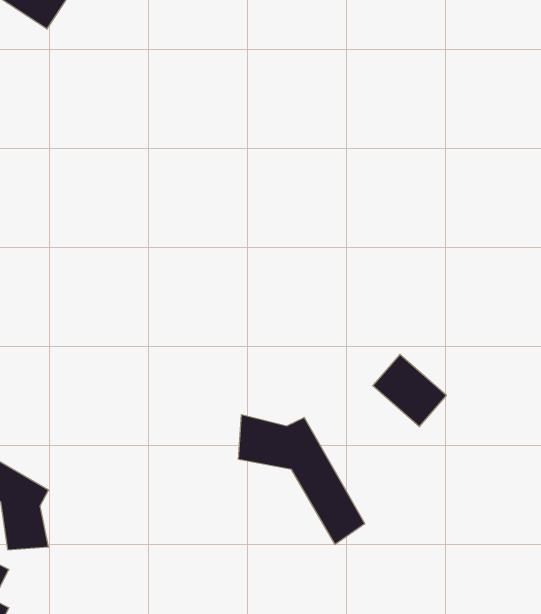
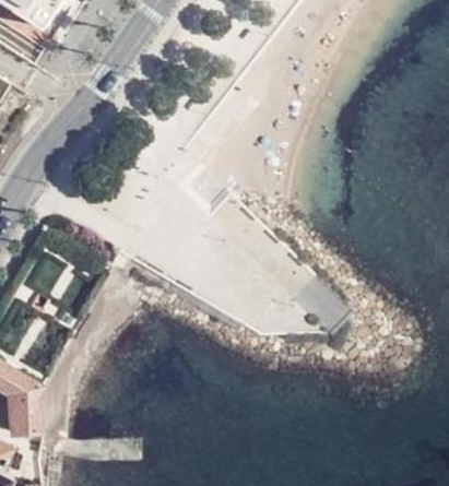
building: [238,415,365,544] -> none

